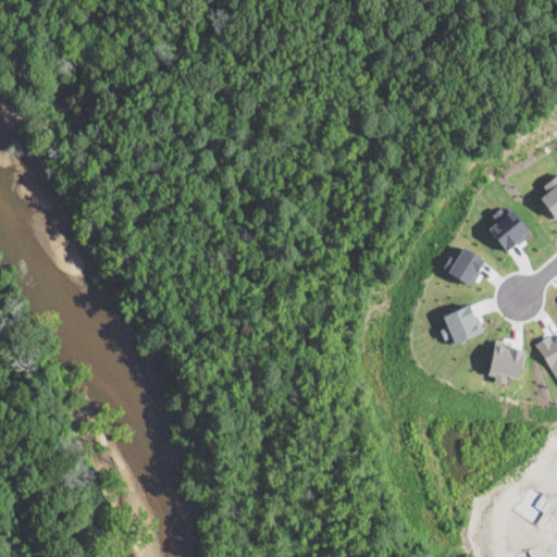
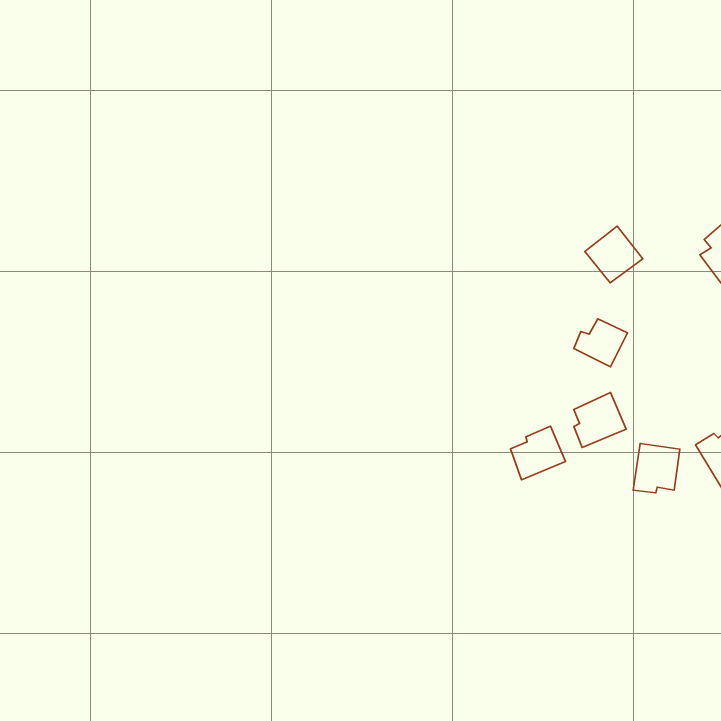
building: [487,209,532,252] -> [585,226,643,283]
building: none -> [511,426,565,480]

